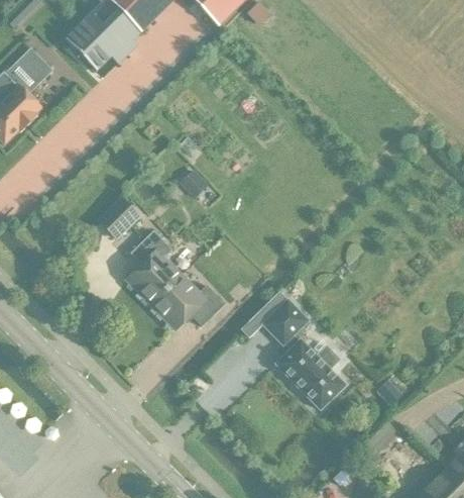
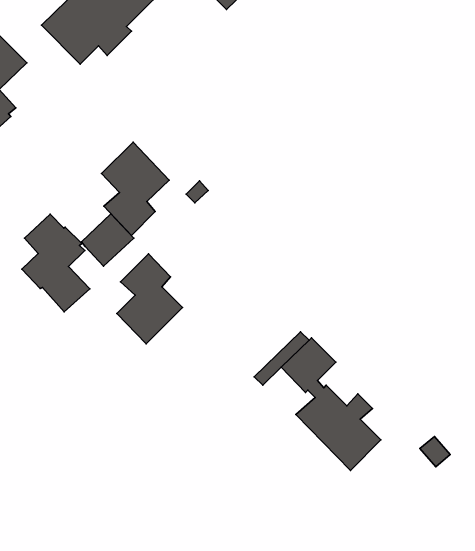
building: none -> [101,142,169,235]
building: none -> [22,214,90,312]
building: [150,274,224,329] -> none

